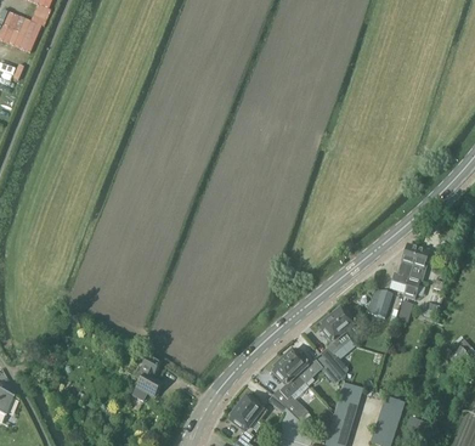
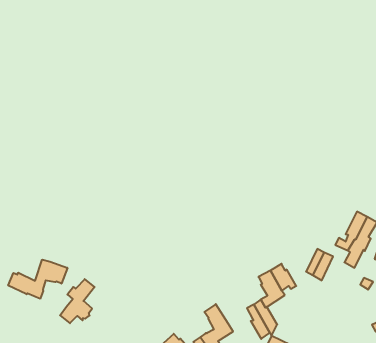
building: none -> [8,260,67,299]
building: [283,349,322,383] -> none

